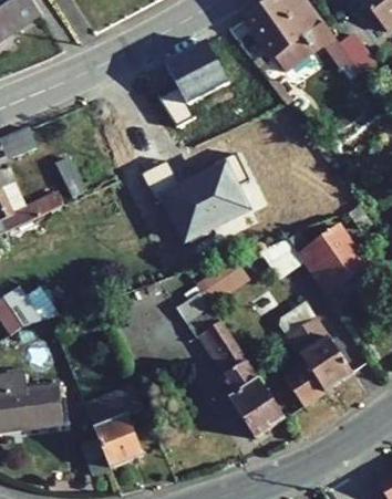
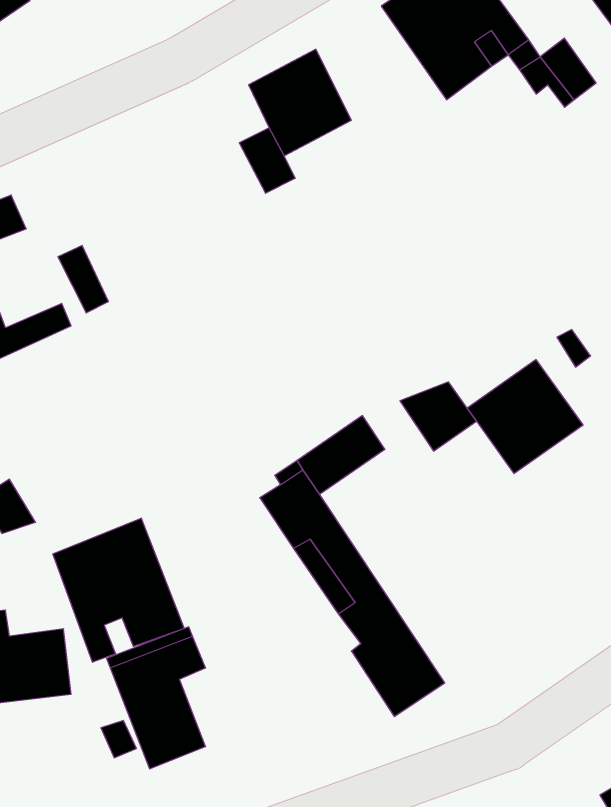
building: [143,154,251,246] -> none
building: [276,302,352,405] -> none
building: none -> [53,518,184,662]

